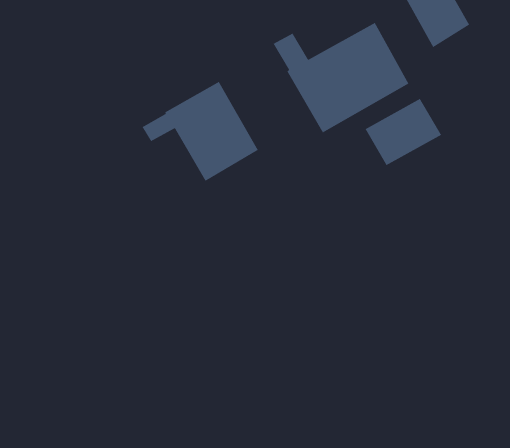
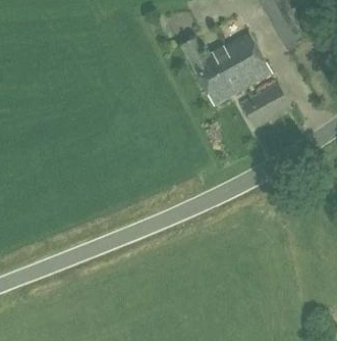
building: [141,81,259,182] -> none

